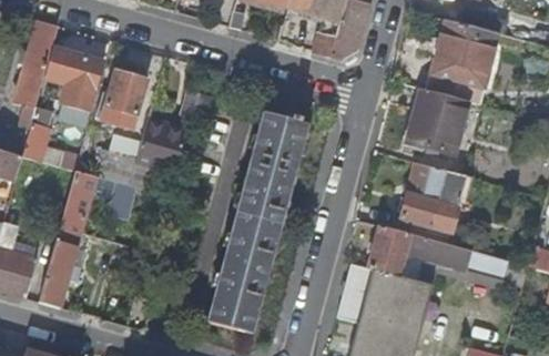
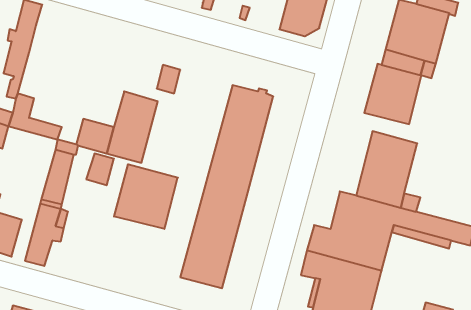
building: [43,45,103,123] -> none
building: [104,68,145,112] -> none
building: none -> [114,164,178,229]

